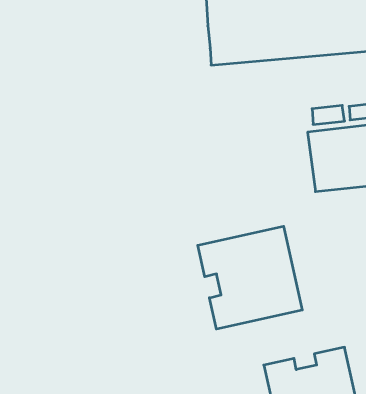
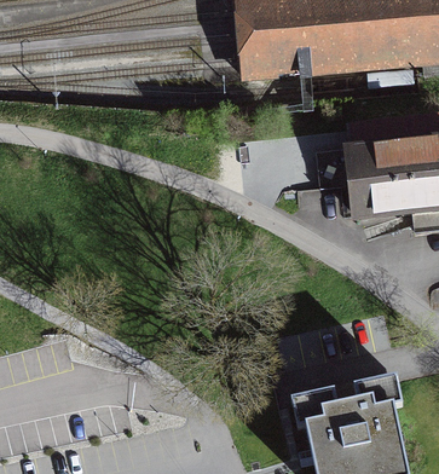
building: [198,226,302,329] -> none

